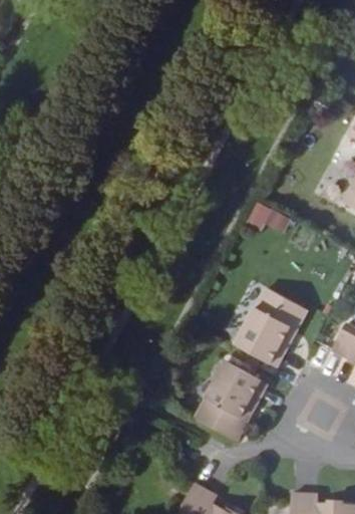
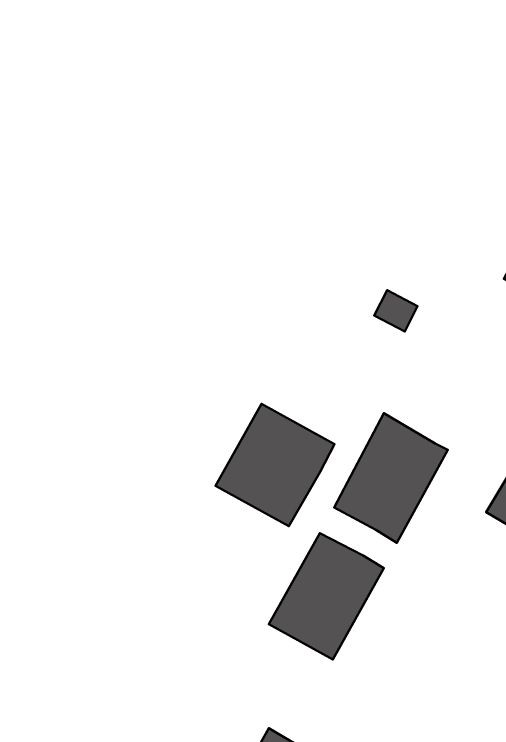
building: none -> [216,404,335,526]

